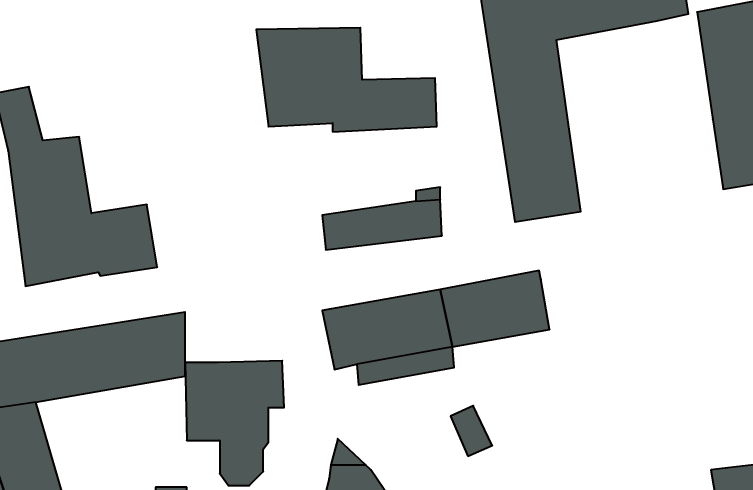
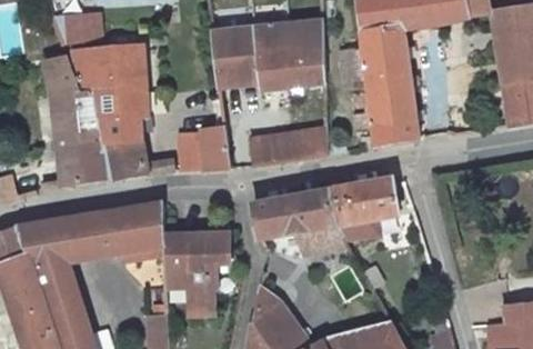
building: none -> [54,16,150,140]
building: none -> [276,21,324,54]
building: none -> [174,121,229,172]

